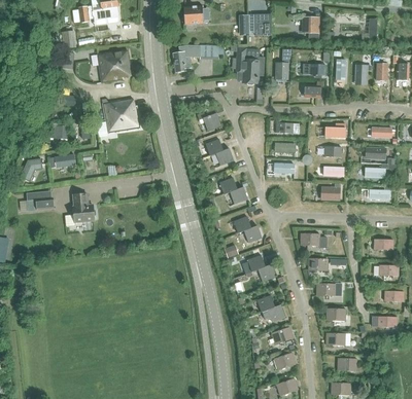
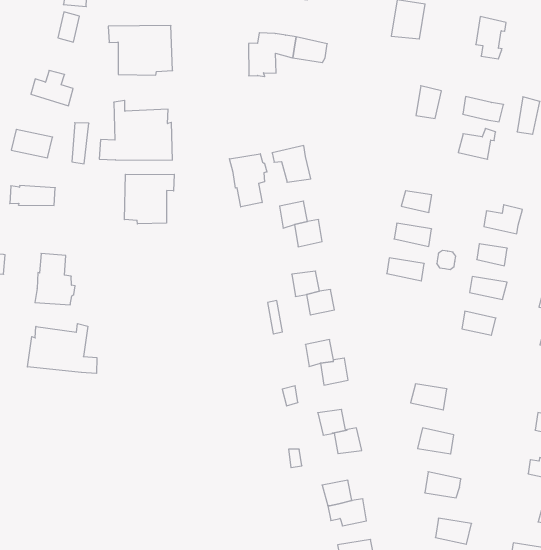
building: [236,46,264,83] -> none
building: none -> [229,154,267,207]
building: none -> [124,174,174,224]
building: none -> [27,324,97,373]

